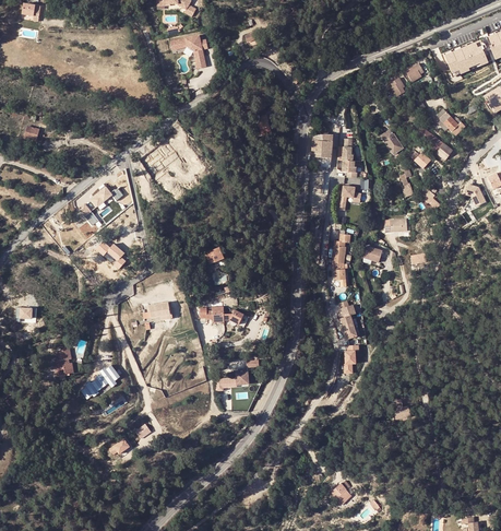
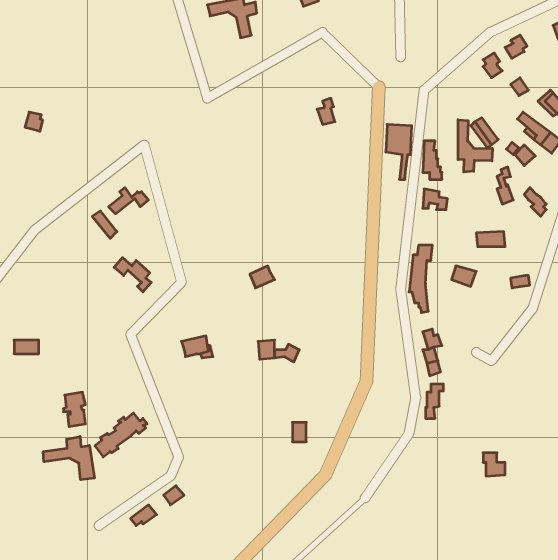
building: none -> [458,120,492,172]
building: none -> [43,436,94,480]

